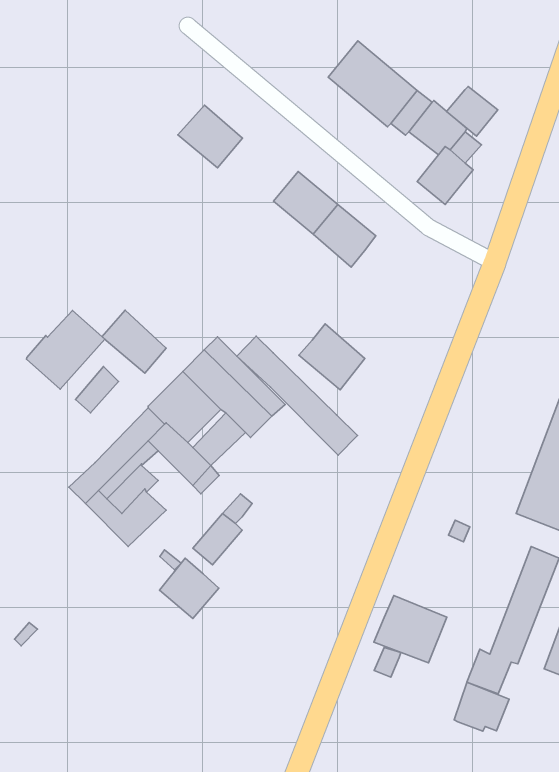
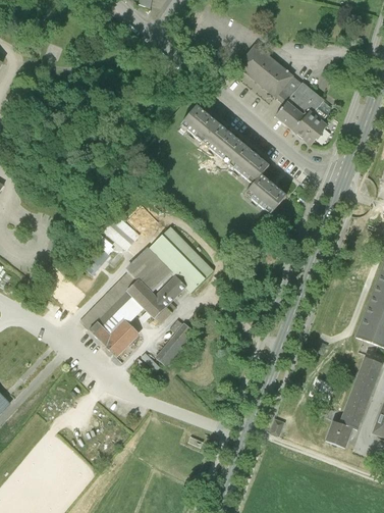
building: [447,87,498,136] -> [276,100,308,131]
building: [178,105,242,168] -> [181,104,221,143]
building: [27,311,105,389] -> none
building: [299,324,365,390] -> [245,173,286,214]
building: [237,336,358,455] -> none
building: [159,558,219,619] -> none
building: [374,596,447,663] -> none
building: [454,682,509,731] -> none

